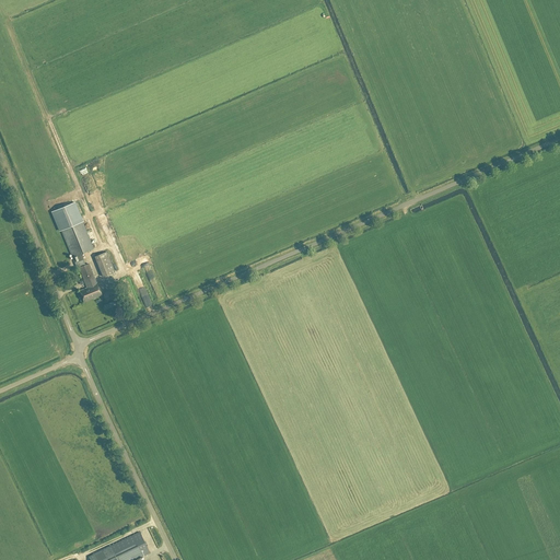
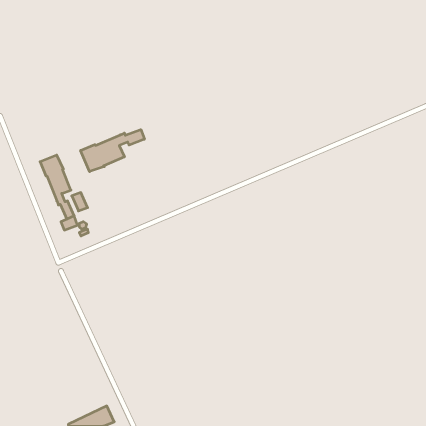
building: none -> [81,130,144,172]

